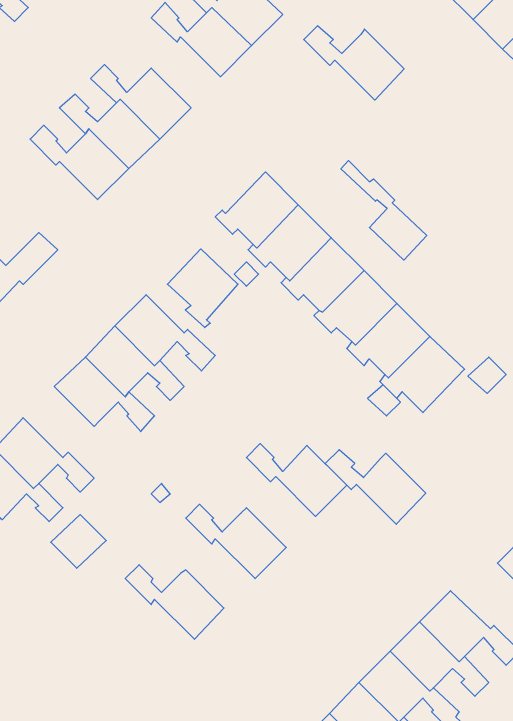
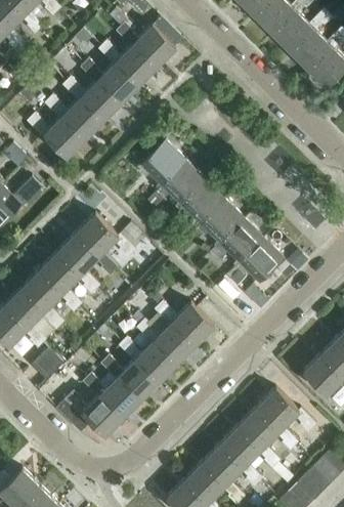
building: [304,26,404,100] -> [80,58,139,102]
building: [341,161,427,260] -> none
building: [167,249,238,328] -> none
building: none -> [23,267,82,311]
building: [325,450,426,524] -> [136,319,196,363]
building: none -> [100,354,160,398]
building: none -> [56,391,124,435]

